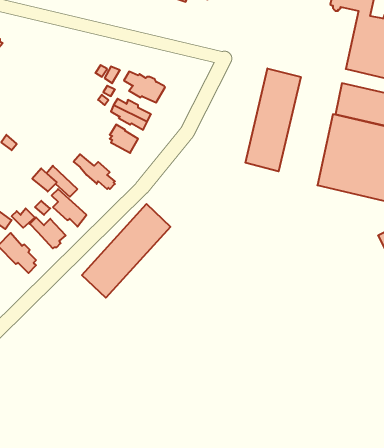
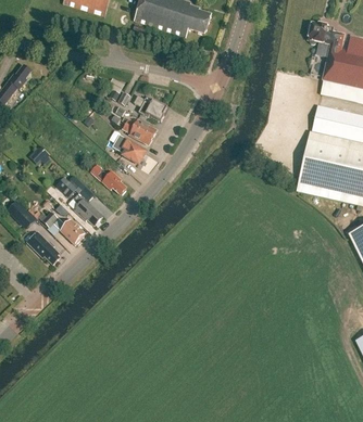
building: [245,68,301,171] -> none
building: [82,204,170,298] -> none

